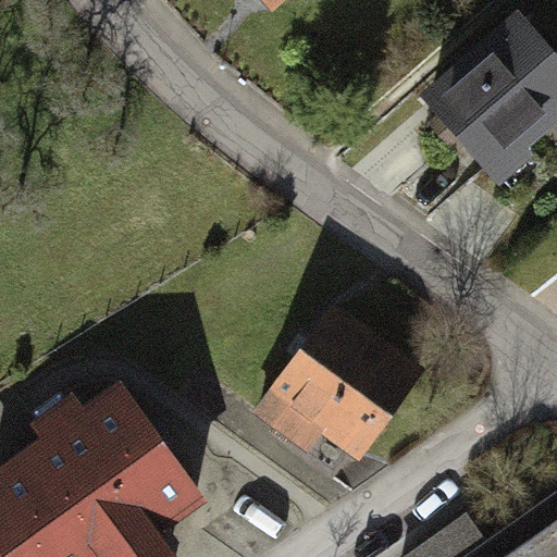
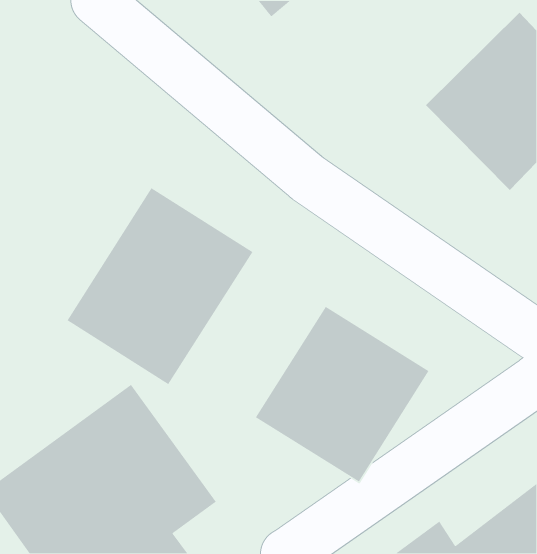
building: none -> [66,187,253,385]

